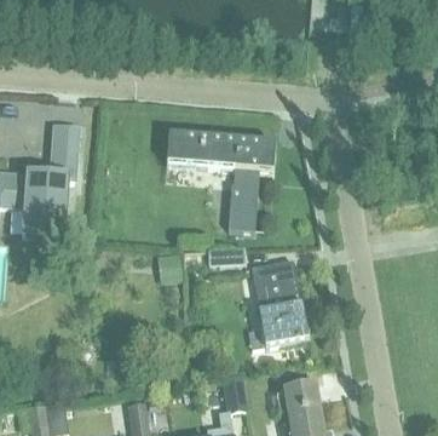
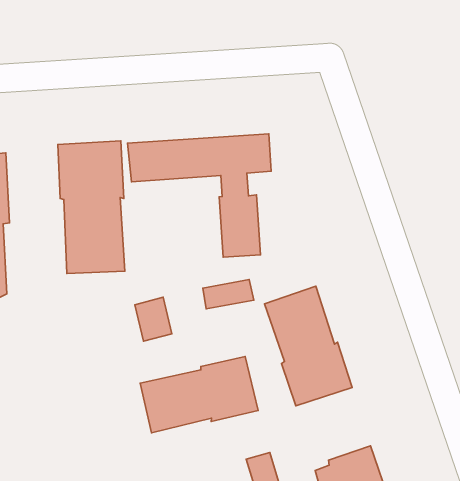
building: none -> [58,141,125,274]
building: none -> [140,357,258,433]

